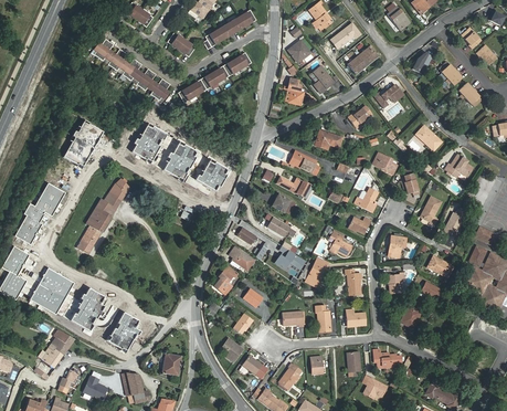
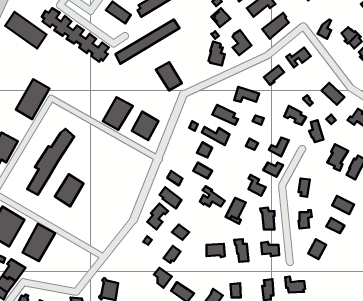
building: none -> [5,12,47,49]
building: none -> [156,62,182,91]
building: [131,124,166,161] -> none
building: none -> [55,174,84,206]
building: [106,310,138,351] -> none

